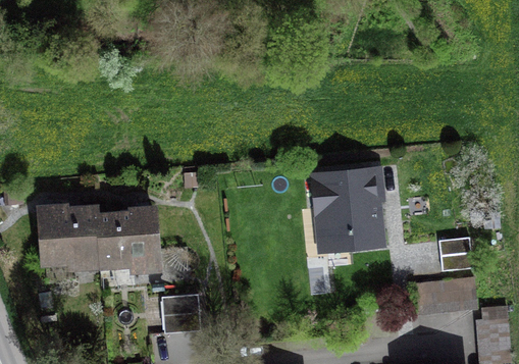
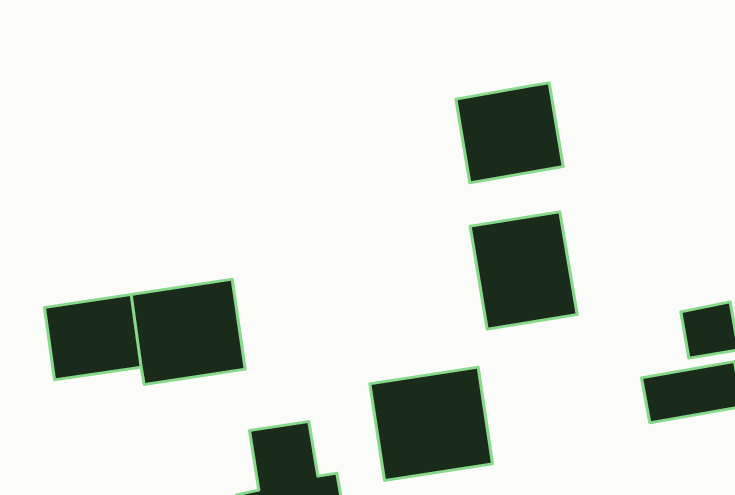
building: none -> [456,83,563,183]
building: none -> [370,367,493,481]

